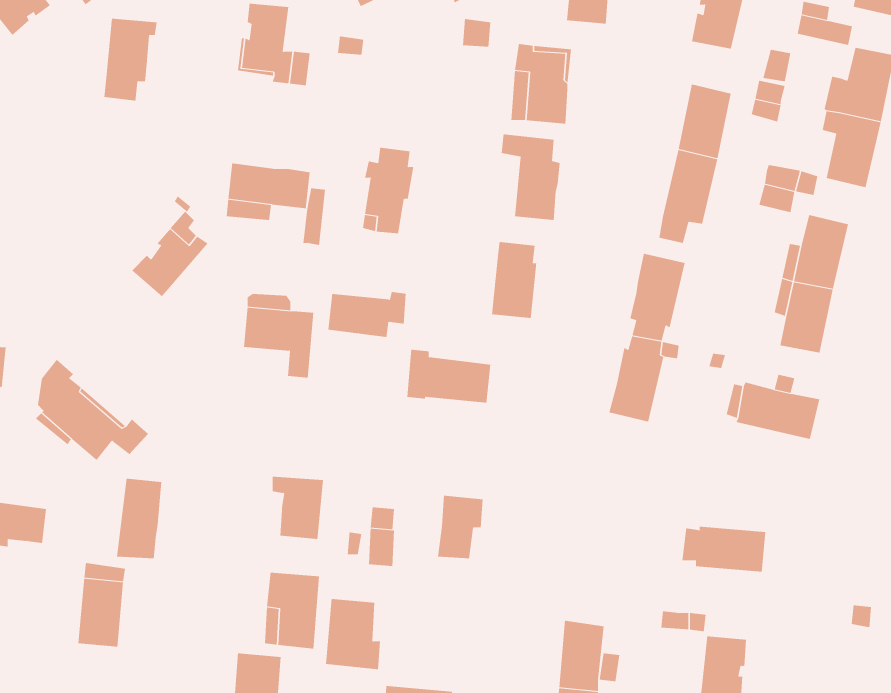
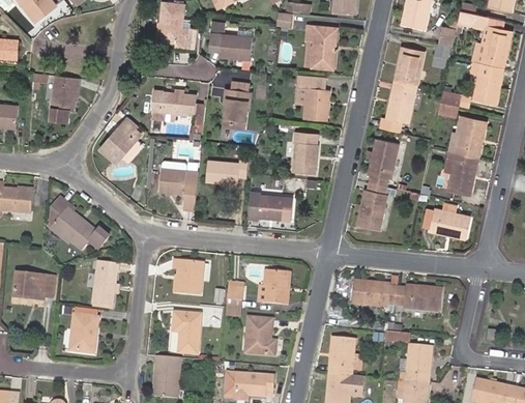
building: [104,18,157,101] -> [52,76,81,120]
building: none -> [210,34,252,60]
building: none -> [352,281,398,307]
building: [325,599,381,670] -> [245,314,275,352]

